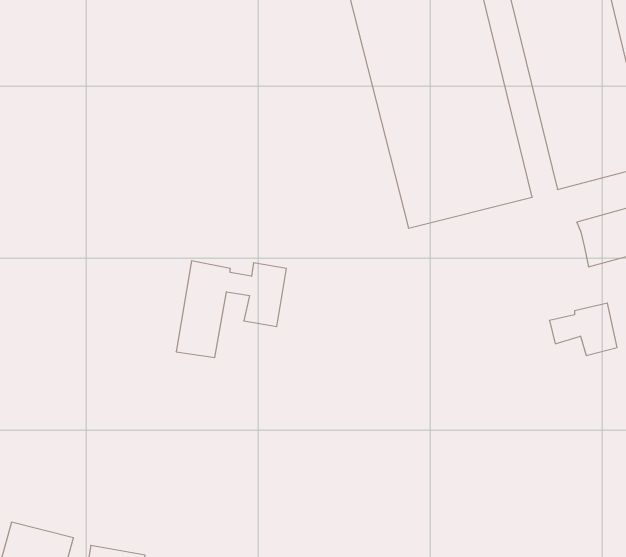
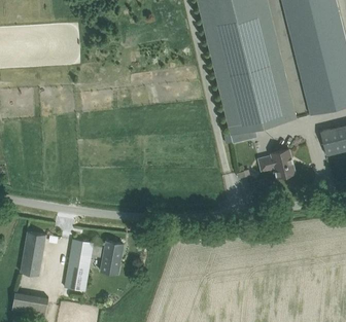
building: [176,261,286,358] -> [64,240,123,291]
building: [549,303,617,355] -> [257,150,293,178]
building: none -> [20,232,45,277]

